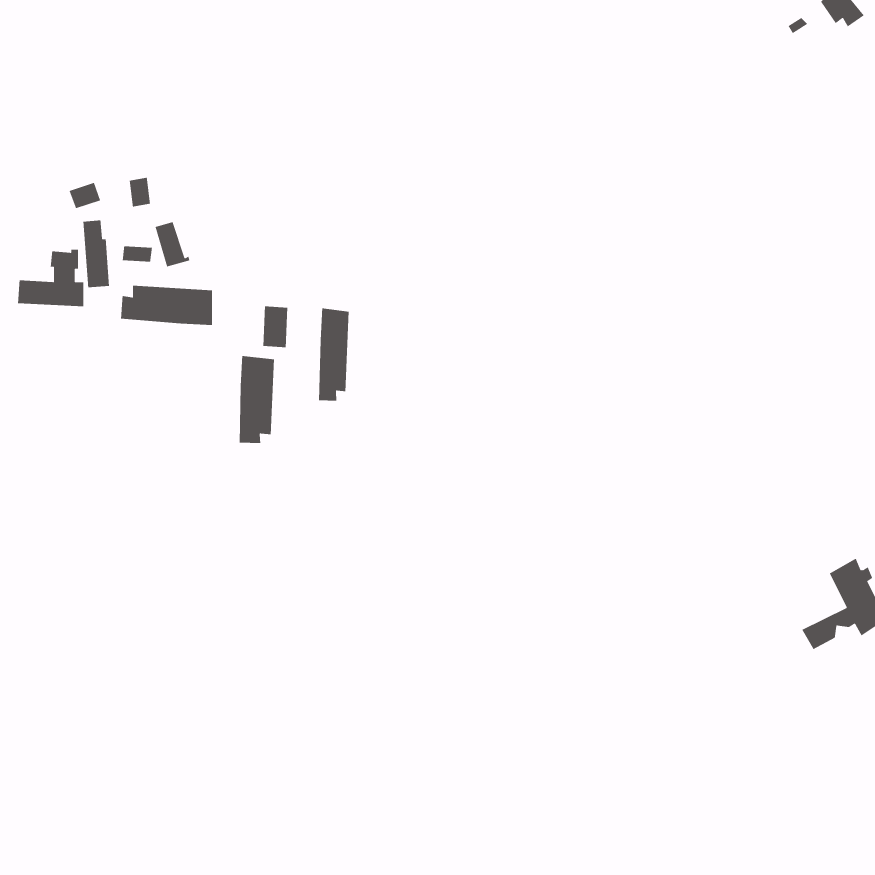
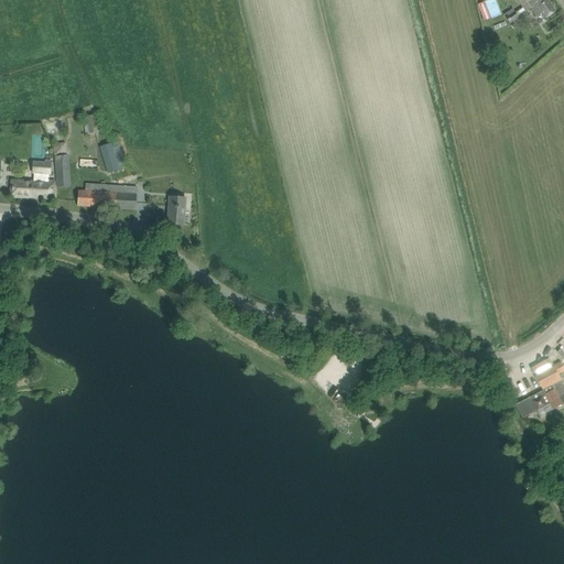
building: [318,308,349,401] -> none
building: [239,355,275,444] -> none

